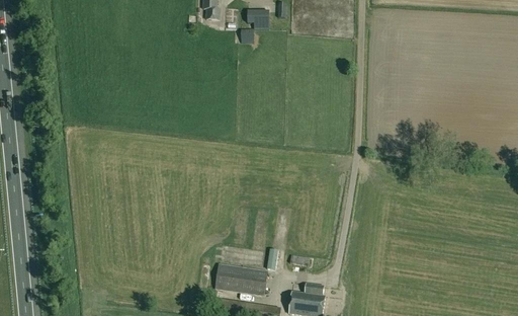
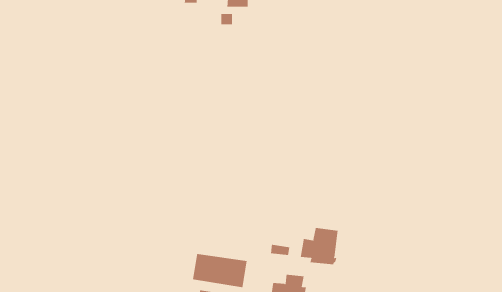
building: none -> [300,227,338,265]

